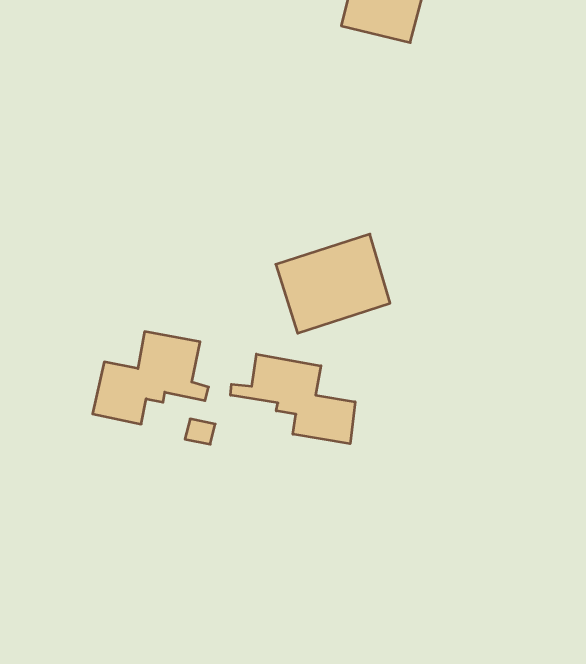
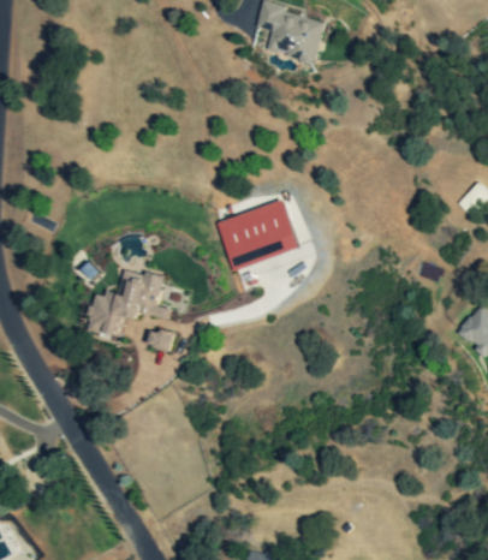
building: [231,354,355,444] -> none

